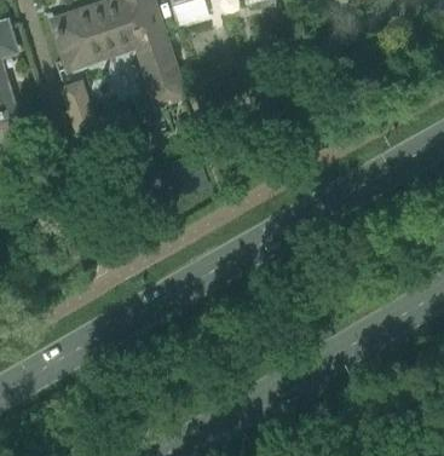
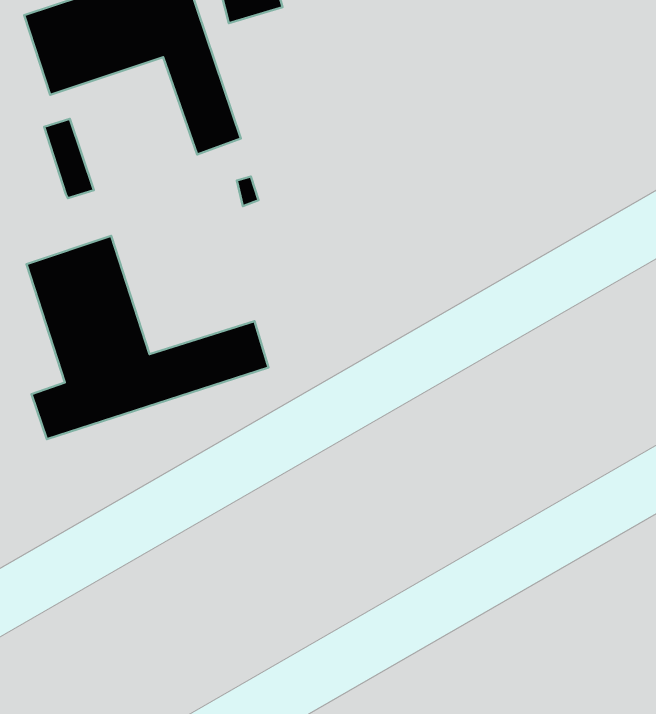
building: none -> [26,236,268,439]

